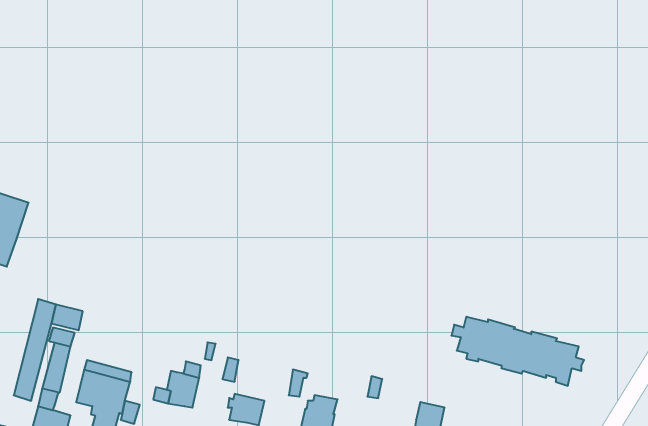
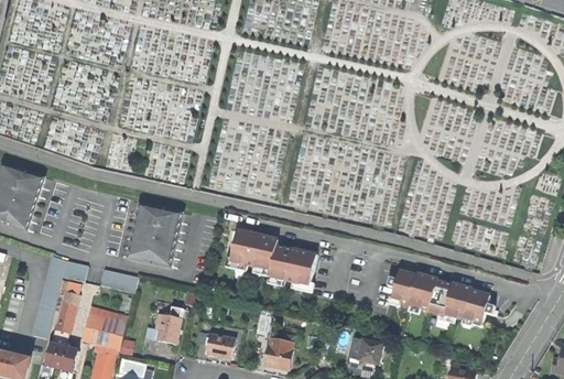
building: none -> [128,203,182,267]
building: none -> [230,230,316,284]
building: none -> [99,270,138,293]

